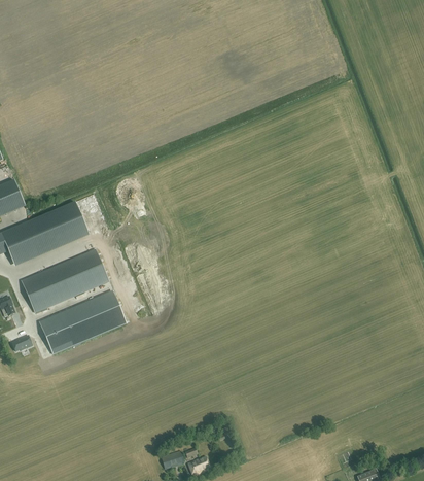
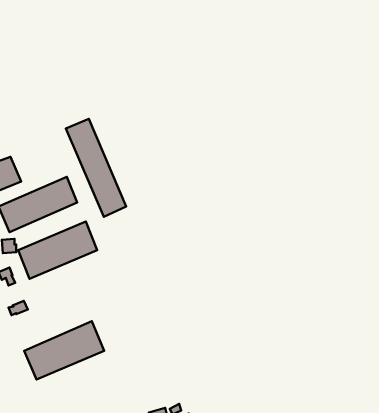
building: none -> [66,119,126,217]
building: [39,290,126,353] -> [24,321,104,379]

